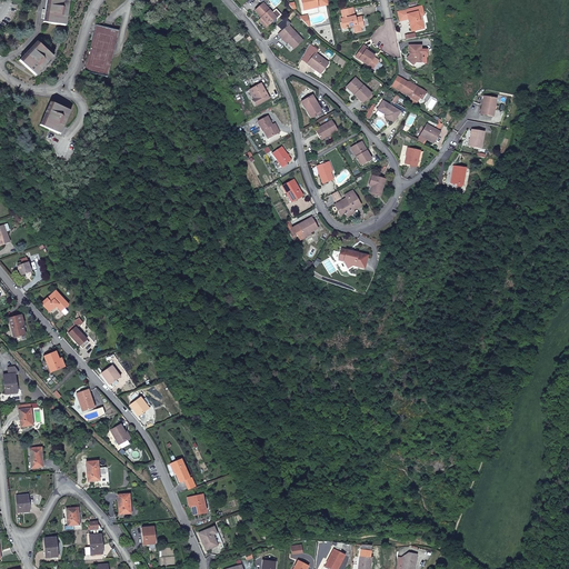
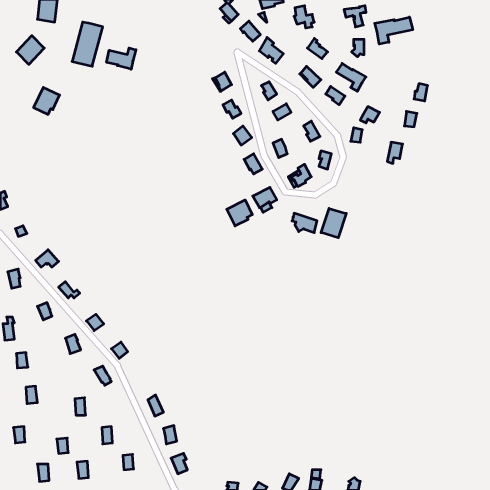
building: none -> [375,17,413,44]
building: none -> [107,48,136,69]
building: none -> [227,200,252,226]
building: none -> [321,208,346,238]

